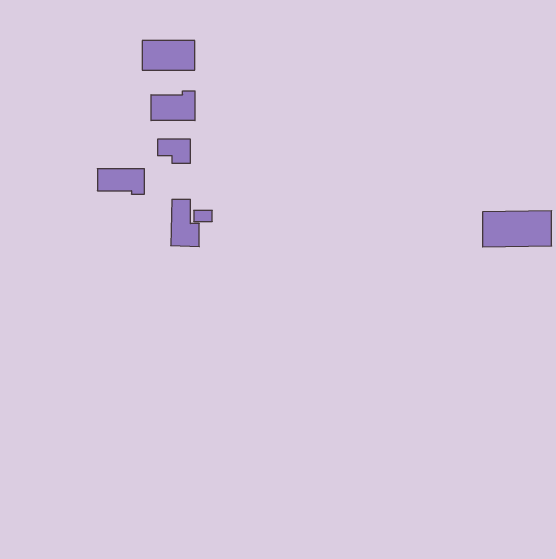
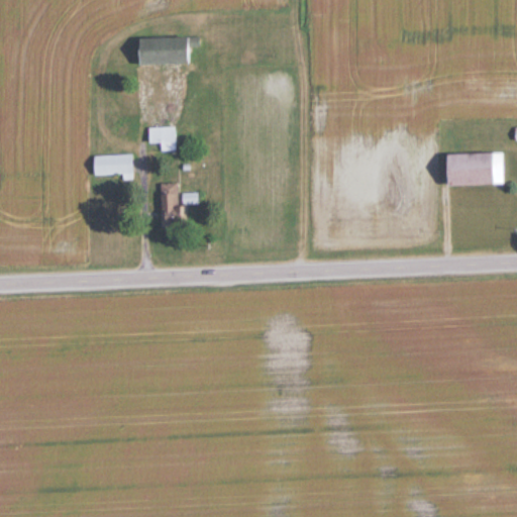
building: [151,91,195,121] -> none
building: [483,211,552,247] -> [442,152,506,186]

